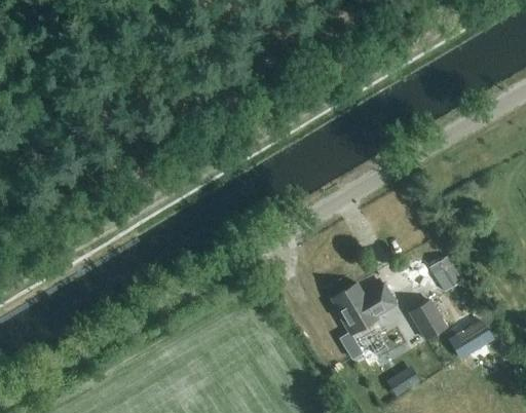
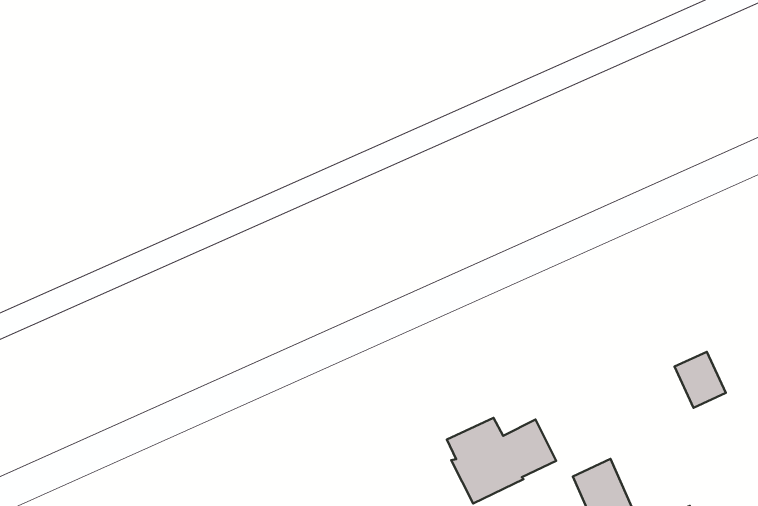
building: [430,257,463,292] -> [675,352,726,408]

